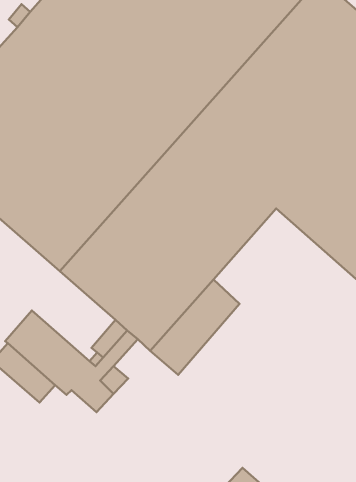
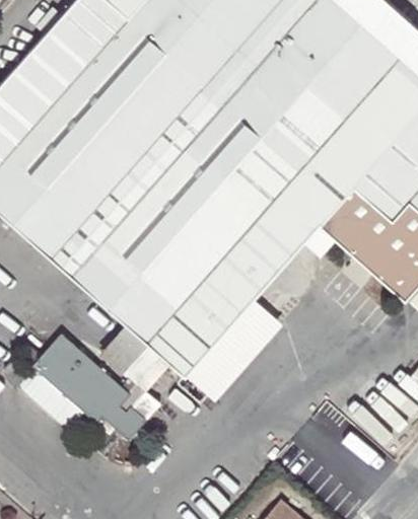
building: none -> [102,324,149,373]

